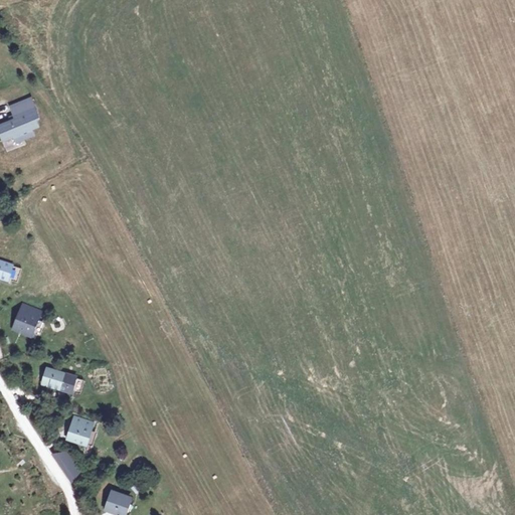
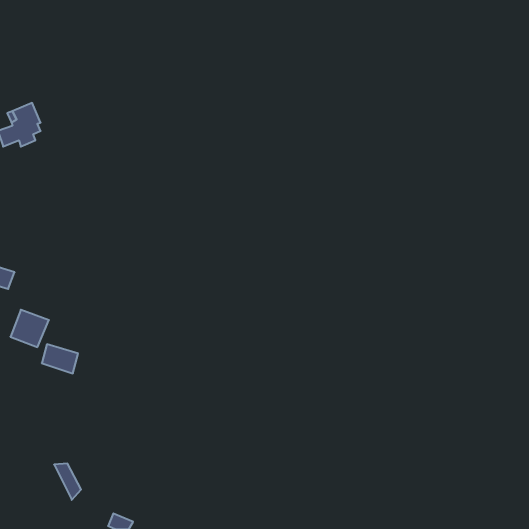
building: [40,364,75,392] -> [42,344,78,373]
building: [62,419,93,449] -> none

